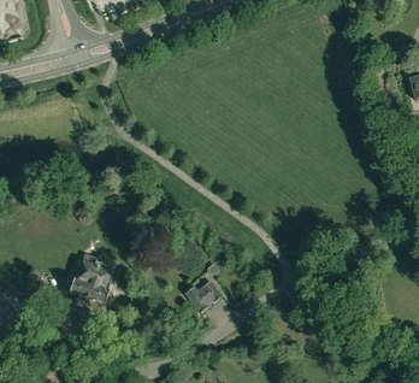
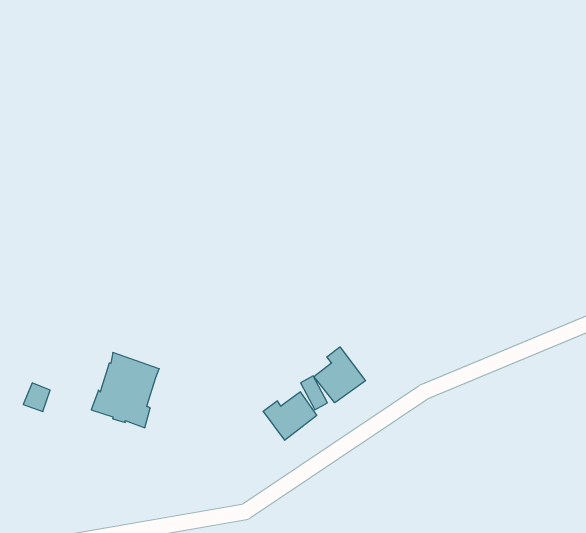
building: none -> [314,347,365,403]

